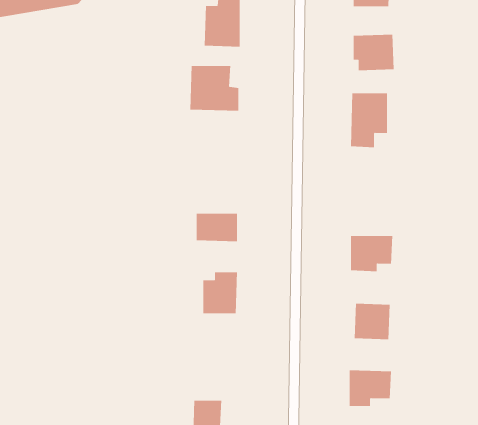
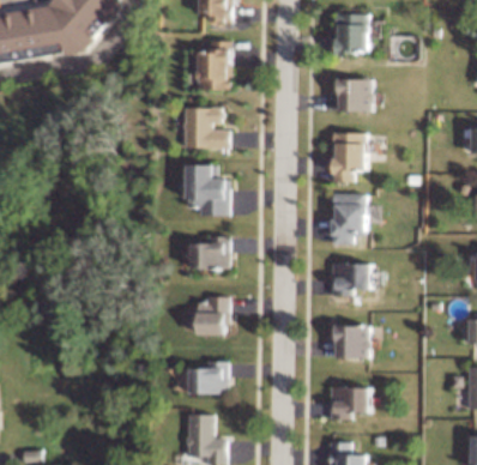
building: none -> [185,163,229,215]
building: none -> [332,193,366,244]
building: none -> [188,361,227,393]

